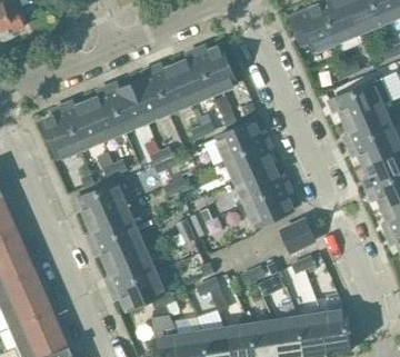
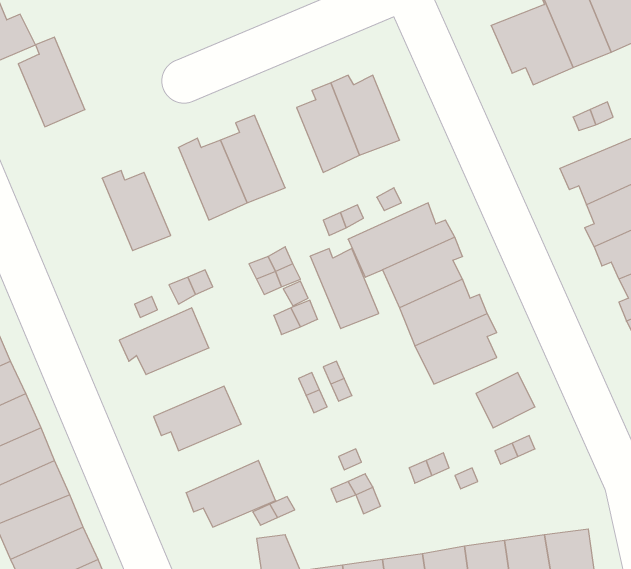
building: [151,65,191,111] -> [310,249,379,329]
building: [87,88,124,139] -> none
building: [41,106,80,158] -> [18,37,85,127]
building: [87,205,133,245] -> none
building: [107,249,153,289] -> none

